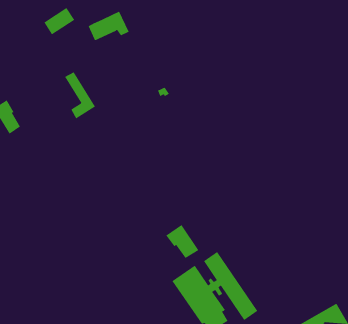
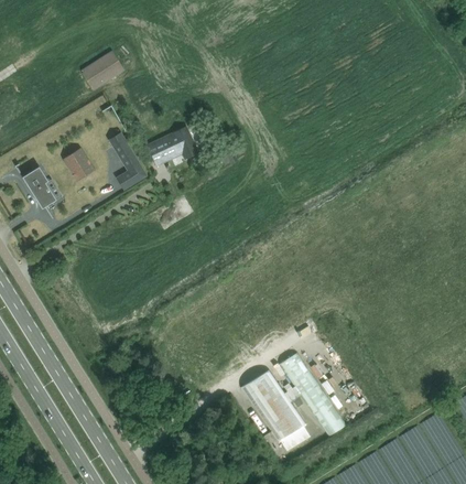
building: [88,11,129,43] -> [148,128,198,166]
building: none -> [63,149,95,183]
building: [165,224,199,259] -> none

